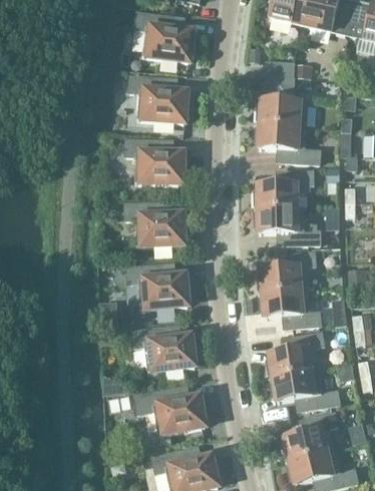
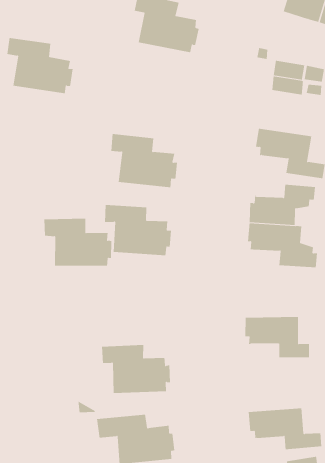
building: [129,77,191,123] -> [6,37,73,94]
building: [257,100,307,127] -> none
building: [258,253,316,295] -> none
building: [127,265,192,310] -> [44,218,112,266]
building: [268,334,324,379] -> none

